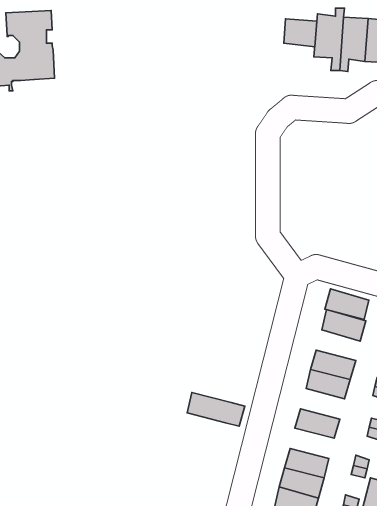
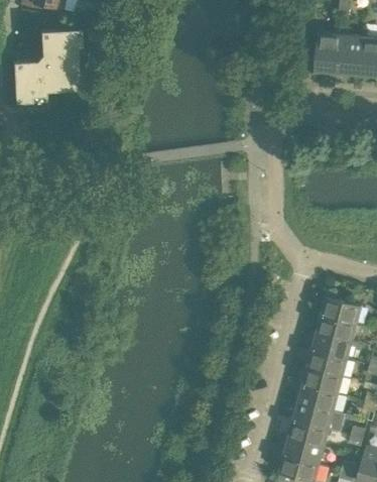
building: [284,19,317,47] -> none
building: [325,289,369,319] -> [318,314,357,341]
building: none -> [303,366,343,393]
building: [187,392,245,426] -> [294,401,346,432]

